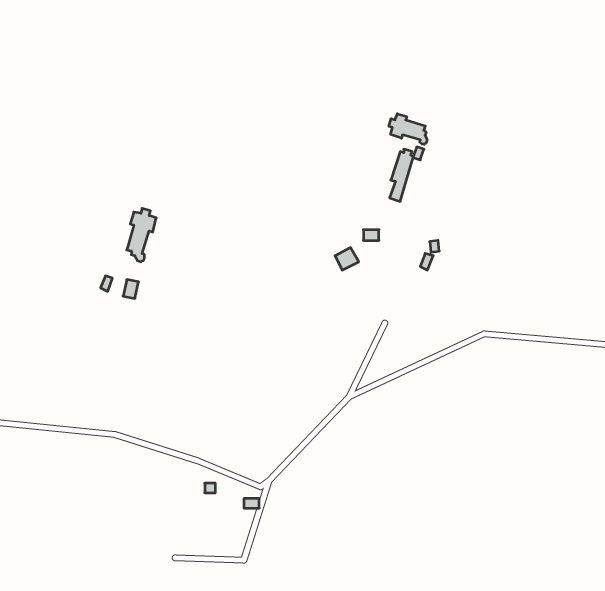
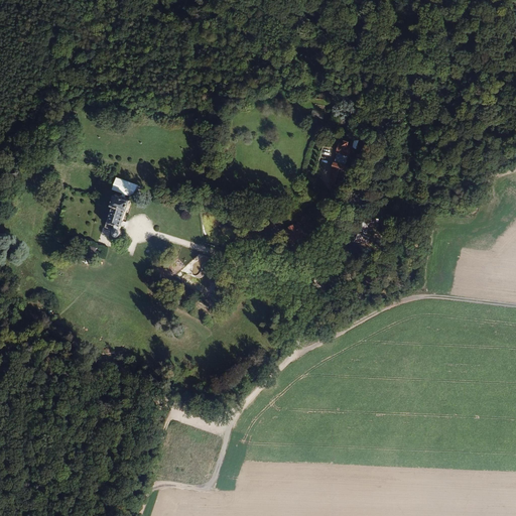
building: [389,114,427,144] -> none

